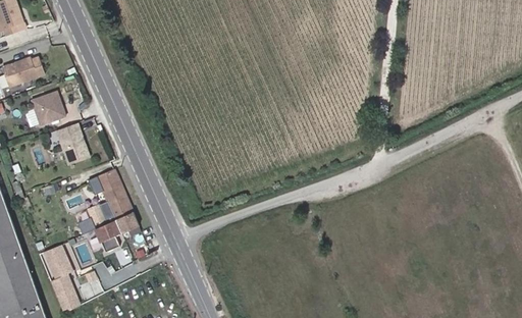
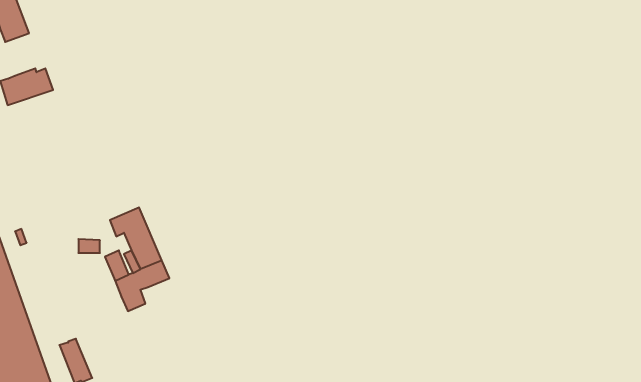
building: [31,92,64,125] -> none
building: [55,123,89,165] -> none
building: [46,245,71,277] -> none

